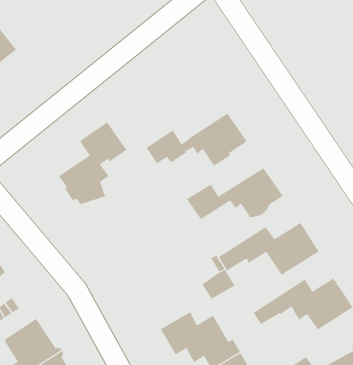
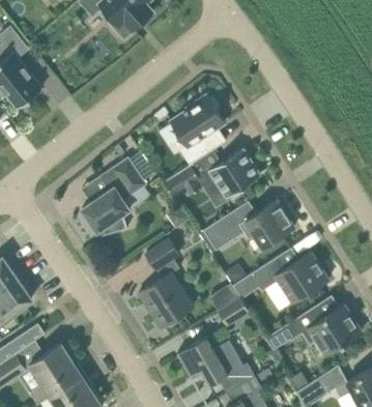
building: none -> [170,94,225,165]
building: none -> [141,238,193,327]

